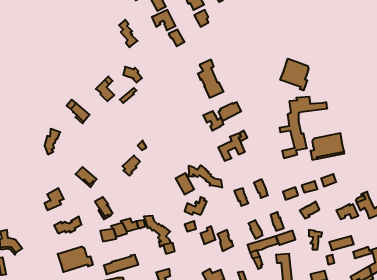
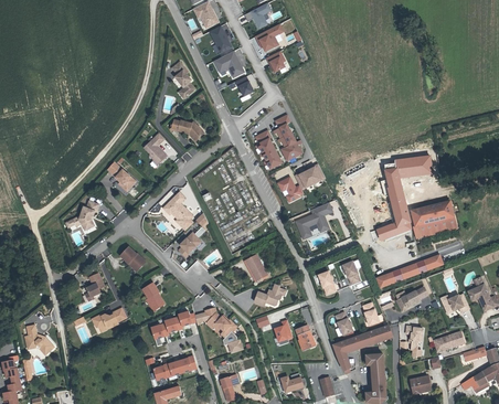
building: [280,59,308,90] -> none
building: none -> [253,129,280,169]
building: none -> [162,191,192,227]
building: [188,165,222,188] -> none
building: [58,247,93,272] -> none

